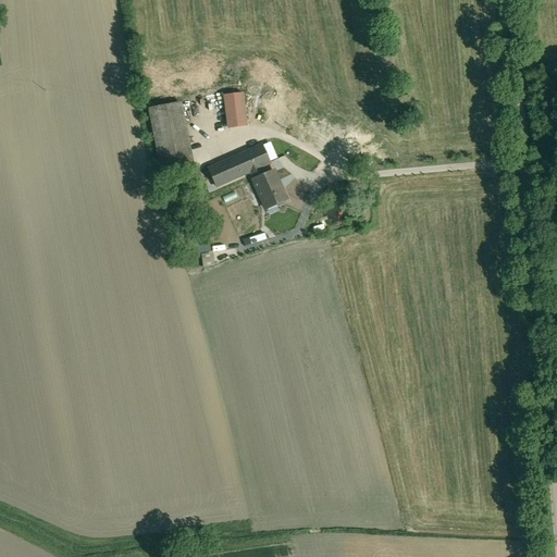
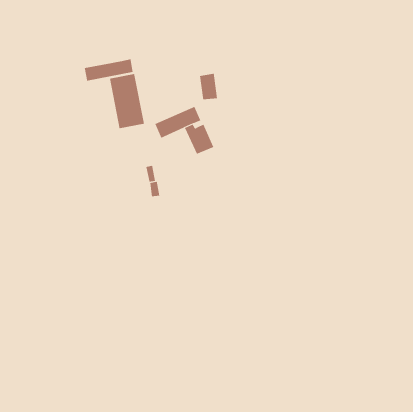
building: none -> [84,58,133,81]
building: [223,90,248,126] -> [199,73,218,100]

